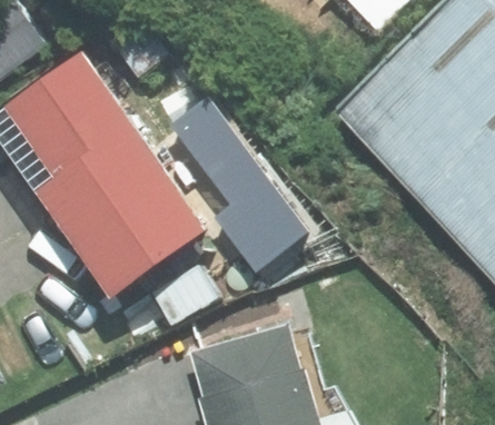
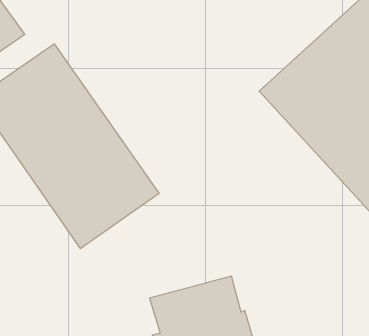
building: [177,100,310,268] -> none

